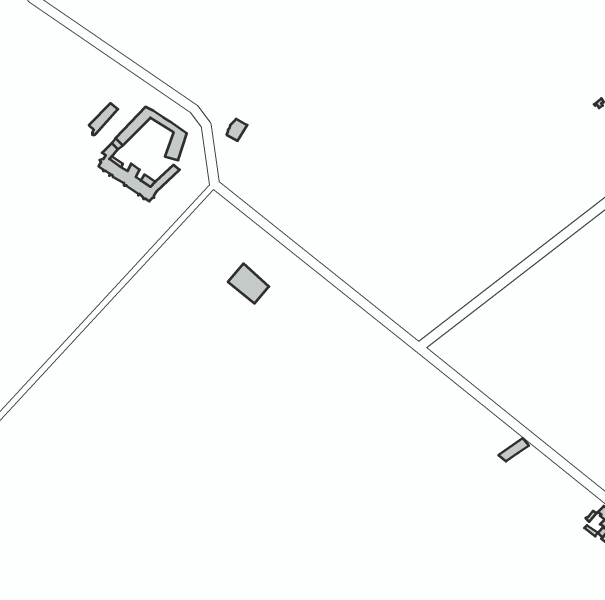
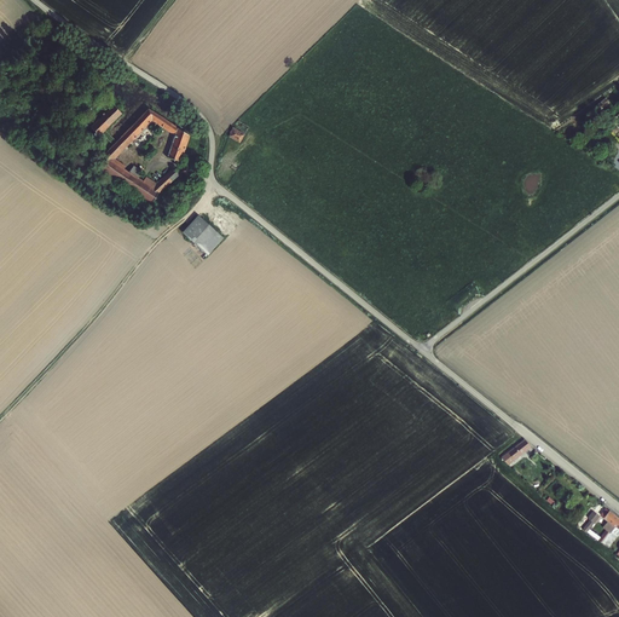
building: [228,264,269,303] -> [183,215,224,255]

